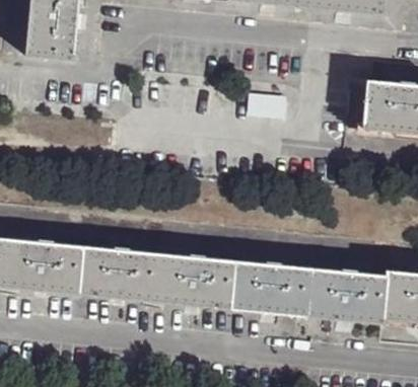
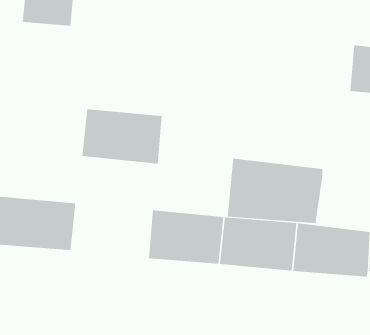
building: none -> [227,158,323,224]
building: [76,245,159,302] -> [82,109,162,164]

